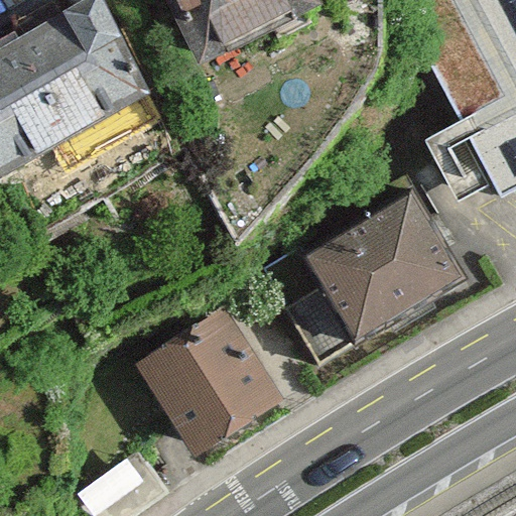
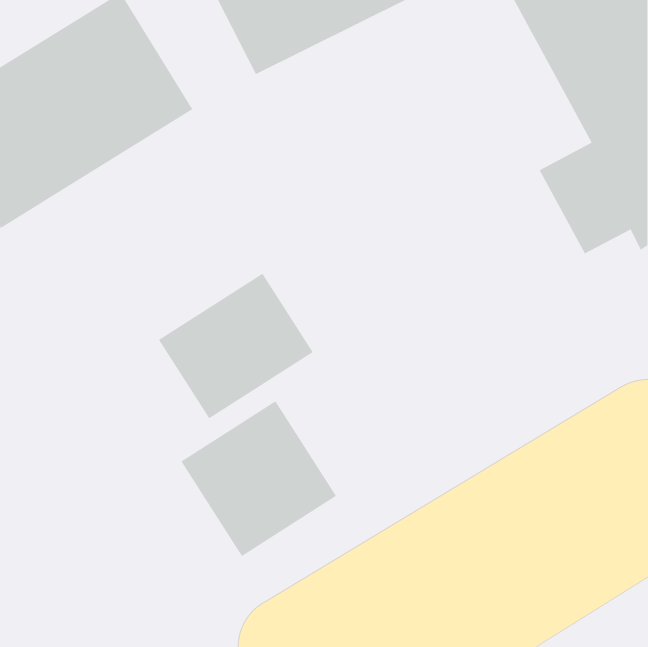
building: [281,189,461,359] -> none
building: none -> [158,273,313,419]

